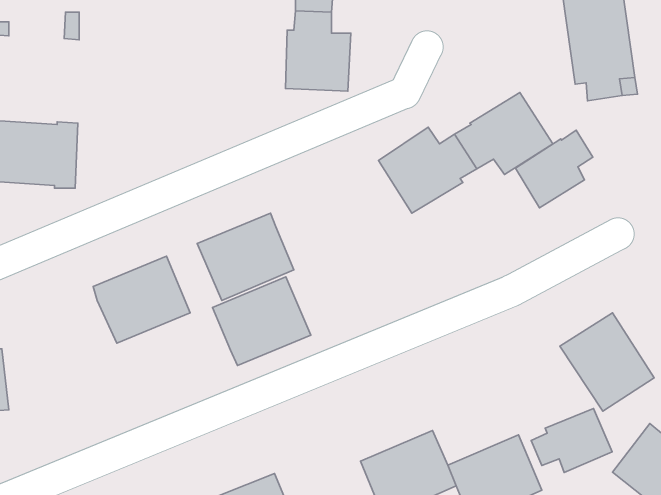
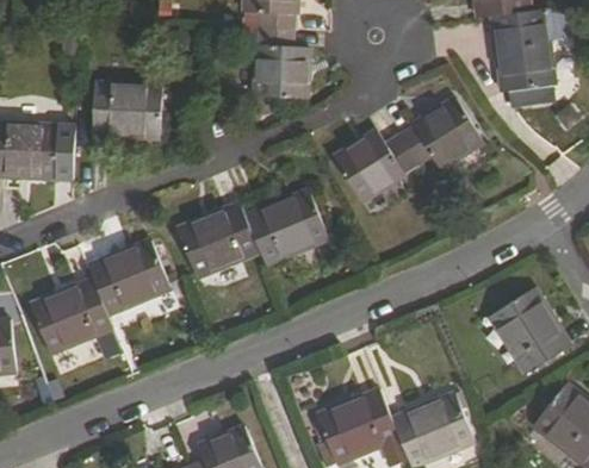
building: none -> [93,82,161,138]
building: [515,130,593,208] -> none
building: [213,277,311,366] -> [244,188,329,264]
building: none -> [30,277,112,354]
building: [531,408,612,473] -> none

